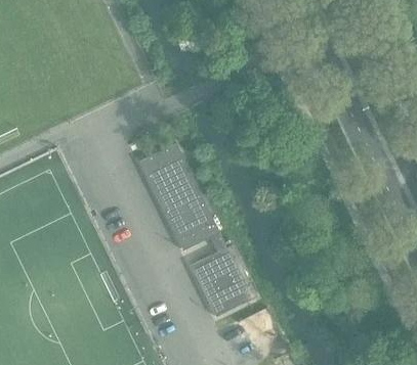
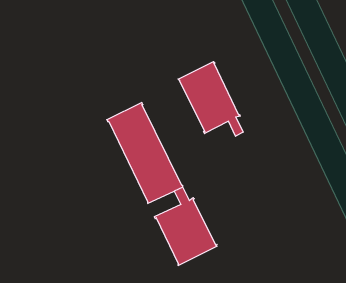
building: none -> [178,62,243,136]

